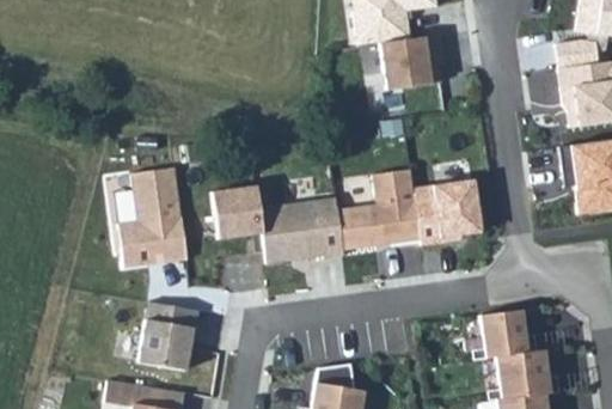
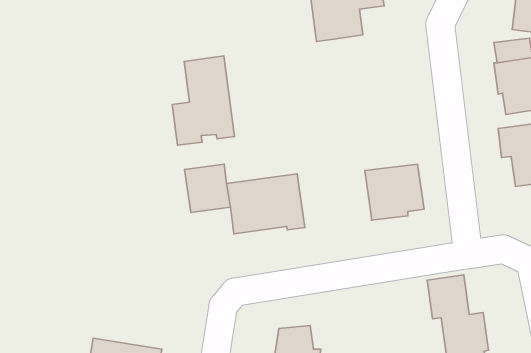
building: [378,38,443,93] -> none
building: [118,167,188,267] -> [172,56,235,145]
building: [345,172,420,255] -> none
building: [140,301,201,370] -> none

